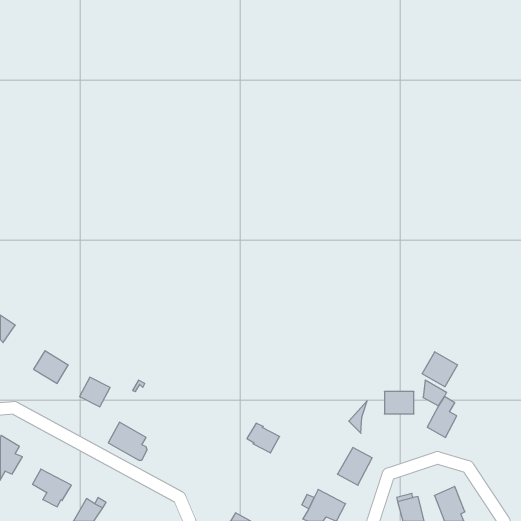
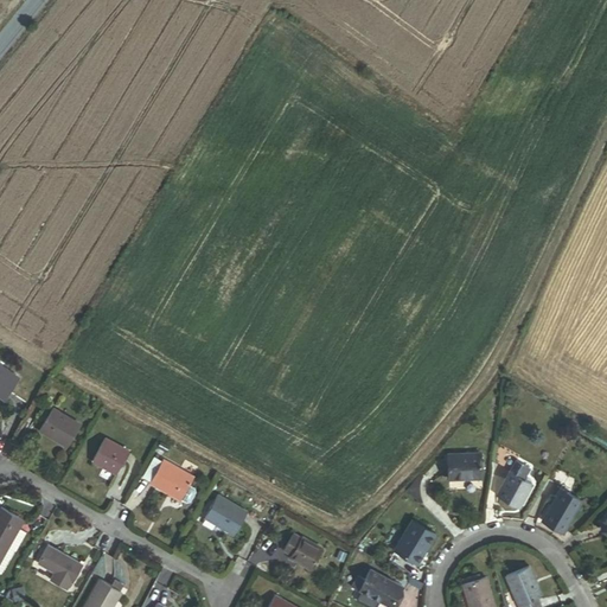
building: [422,352,457,387] -> none
building: none -> [543,490,581,532]
building: [108,422,147,460] -> [149,459,194,503]
building: [247,423,280,453] -> [282,533,320,568]
building: none -> [205,496,247,535]

